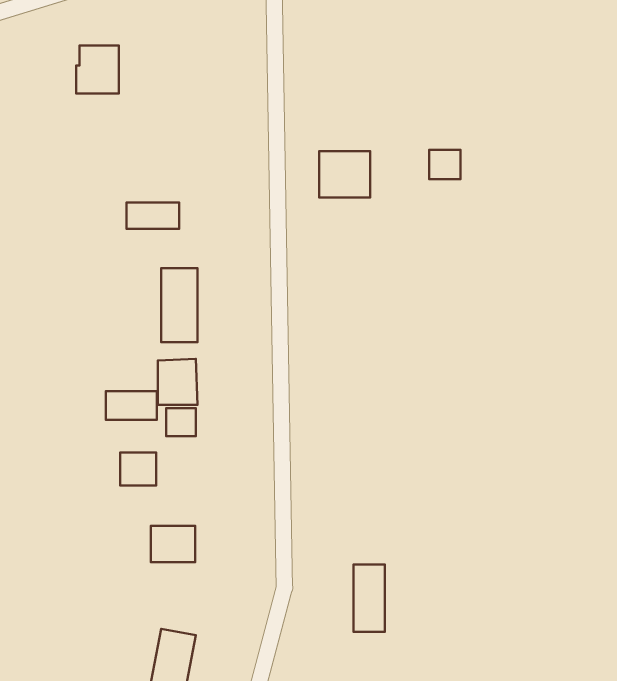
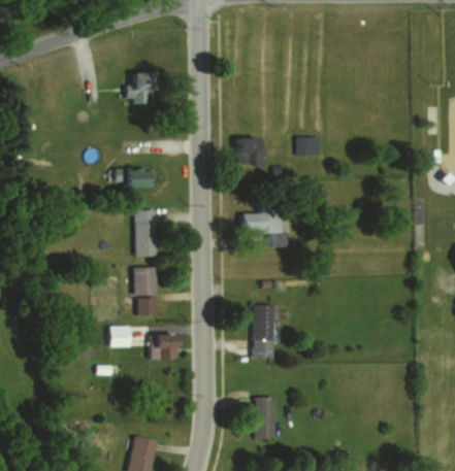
building: [76,46,119,93] -> [127,72,154,102]
building: none -> [240,213,282,236]
building: [106,391,157,420] -> none
building: none -> [255,305,273,357]
building: [151,526,195,562] -> [151,335,178,358]

